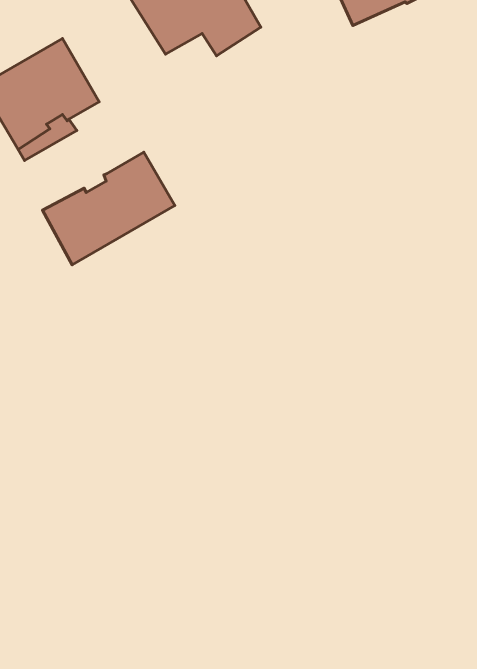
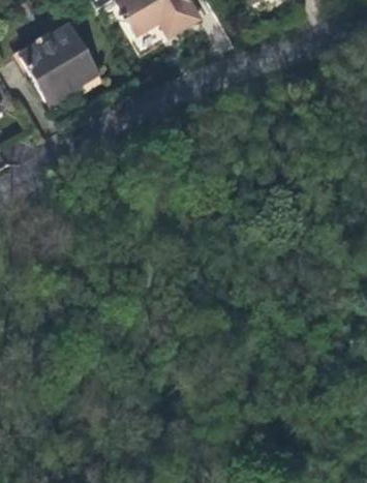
building: [43,152,175,265] -> none

